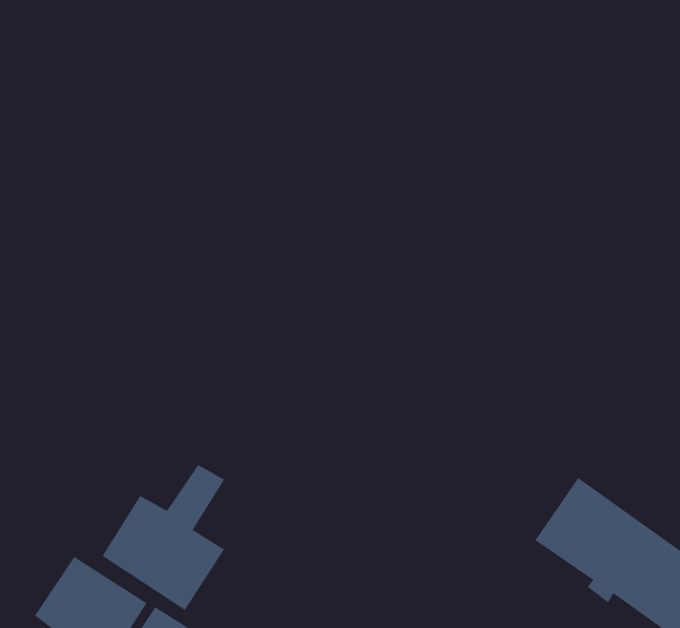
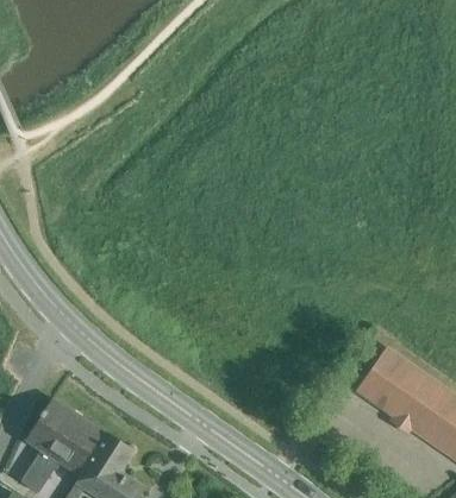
building: [102,464,225,611] -> none

